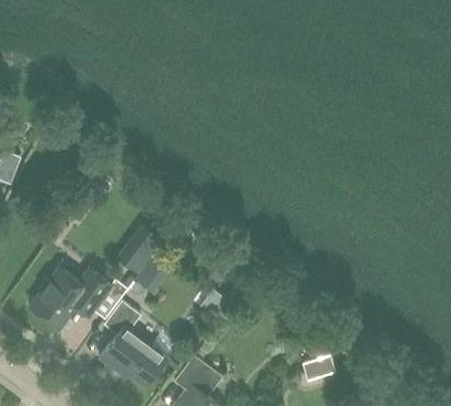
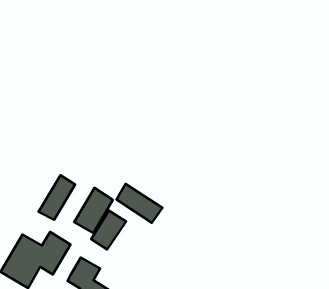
building: none -> [39,175,75,220]
building: none -> [116,184,162,223]

